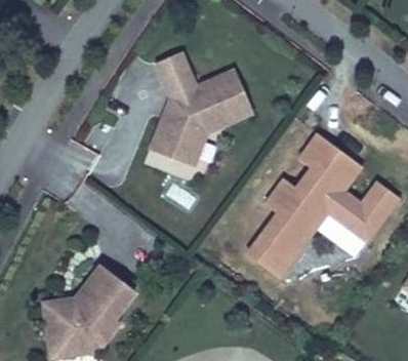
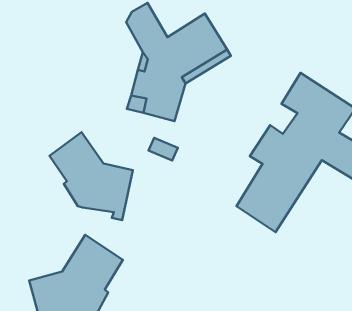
building: none -> [49,132,133,220]

